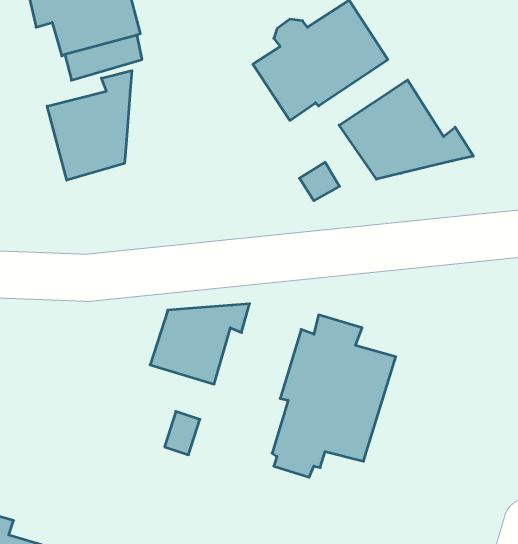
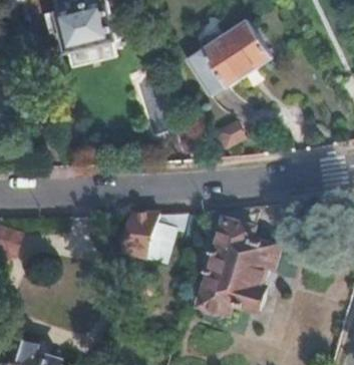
building: [47,71,132,180] -> none
building: [339,80,473,179] -> none

